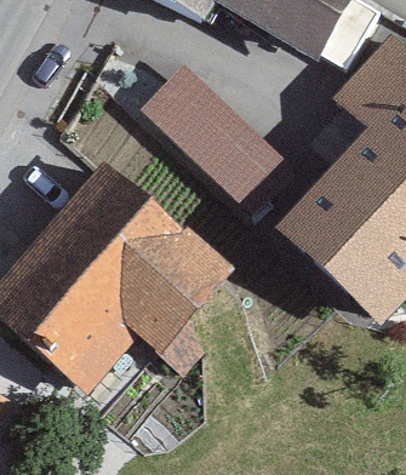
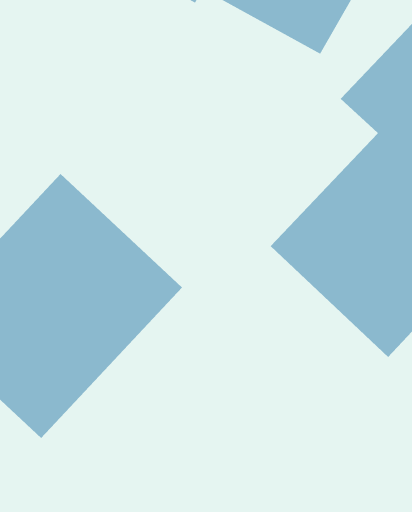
building: [144,62,281,195] -> none

